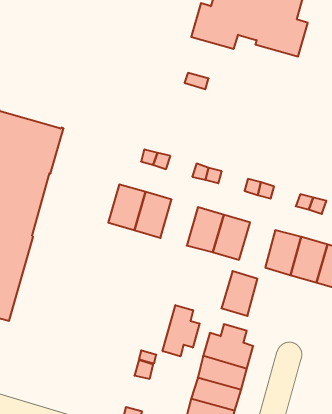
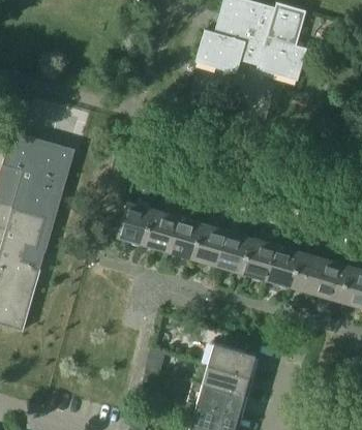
building: none -> [167,216,202,259]
building: [221,271,257,316] -> [241,238,275,280]
building: [163,305,200,356] -> none

